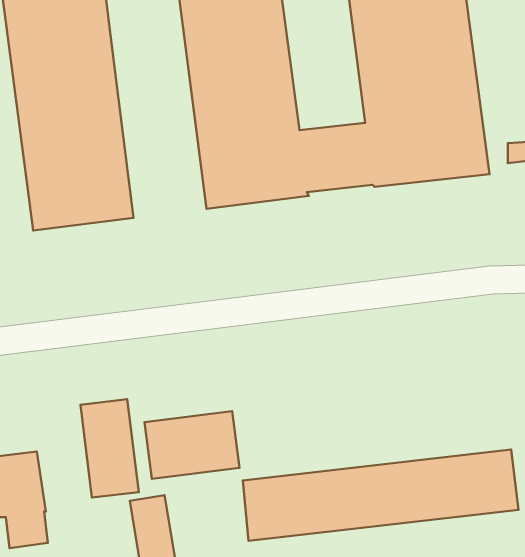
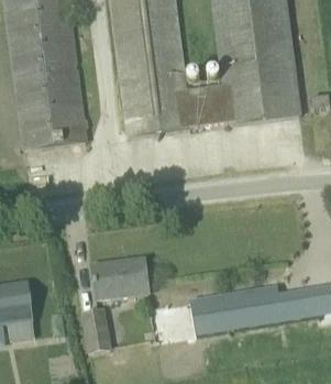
building: [80,399,139,498] -> none

